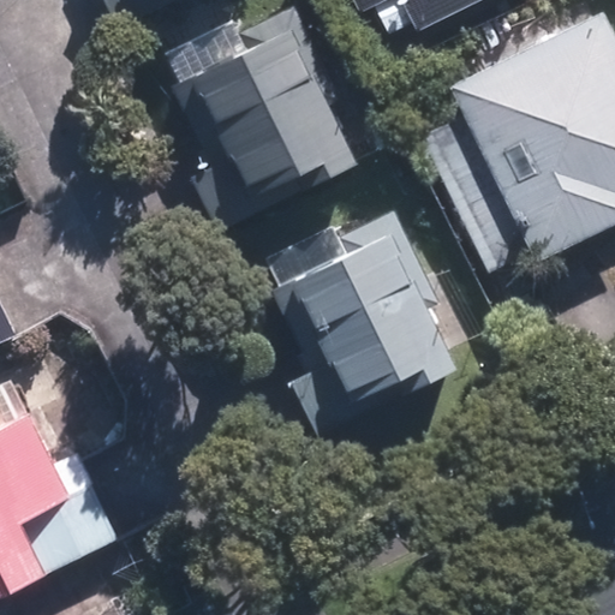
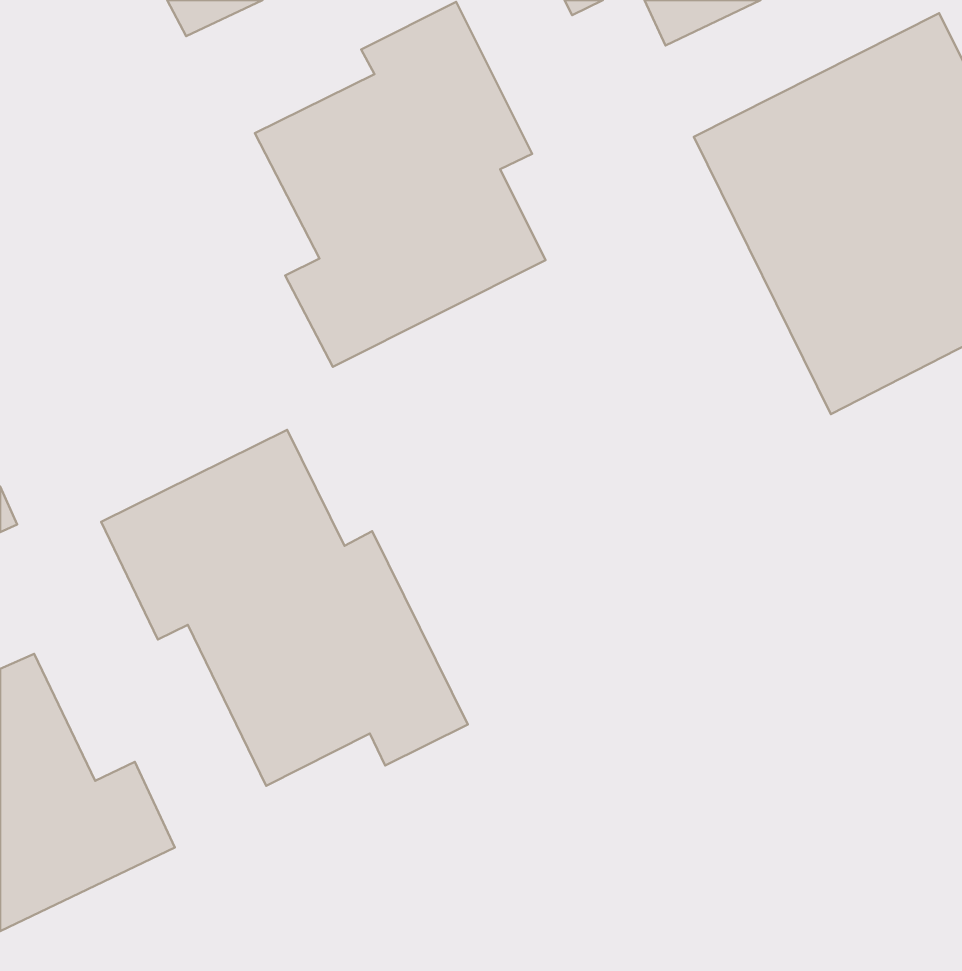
building: [267,207,450,436] -> none
building: none -> [101,430,468,786]

